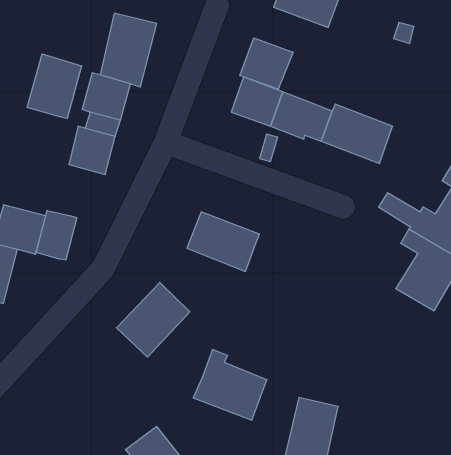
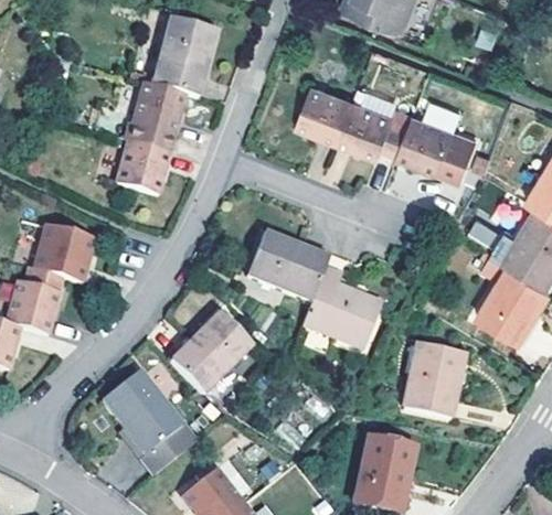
building: [240,38,293,89] -> none
building: [27,54,82,119] -> none
building: [36,210,77,260] -> none
building: none -> [405,341,464,417]
building: none -> [102,371,197,475]
building: [193,350,267,420] -> [302,269,383,346]

